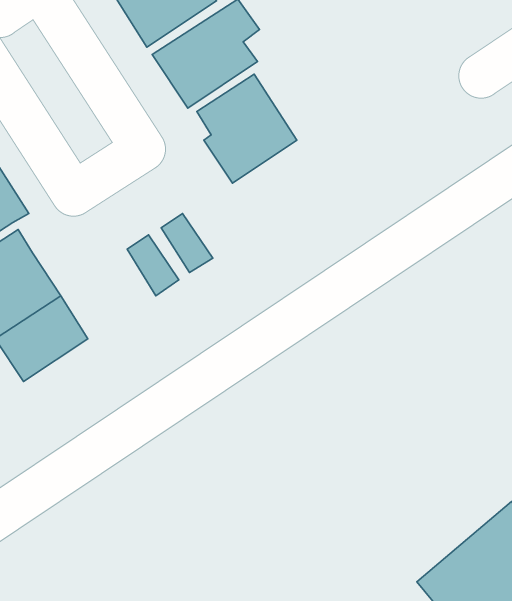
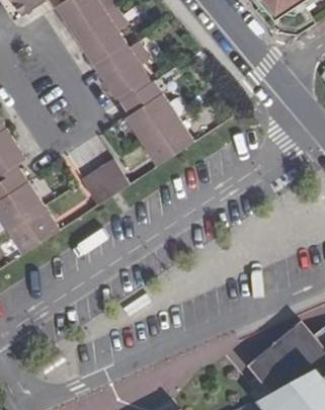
building: none -> [141,117,193,166]

